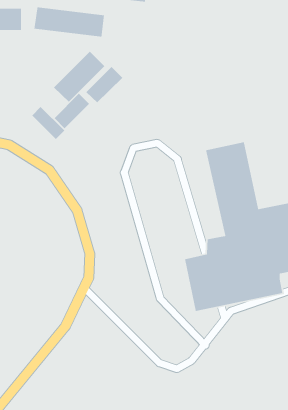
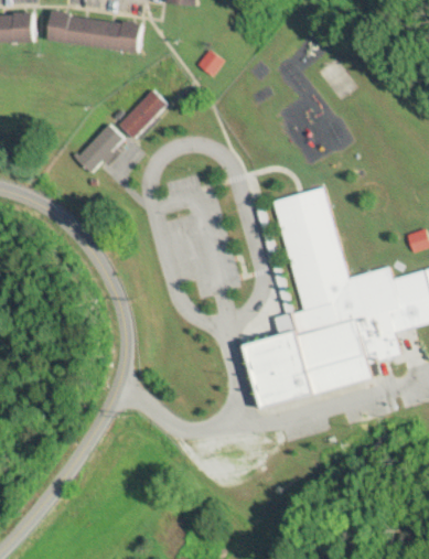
building: [53,51,105,103] -> none
building: [31,106,65,140] -> none

